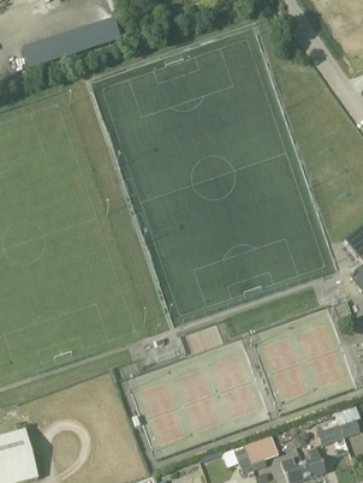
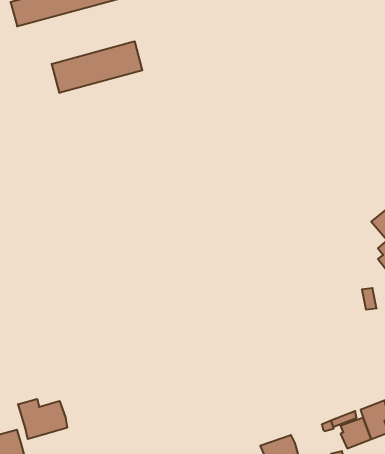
building: none -> [52,41,142,93]
building: none -> [18,399,67,439]

